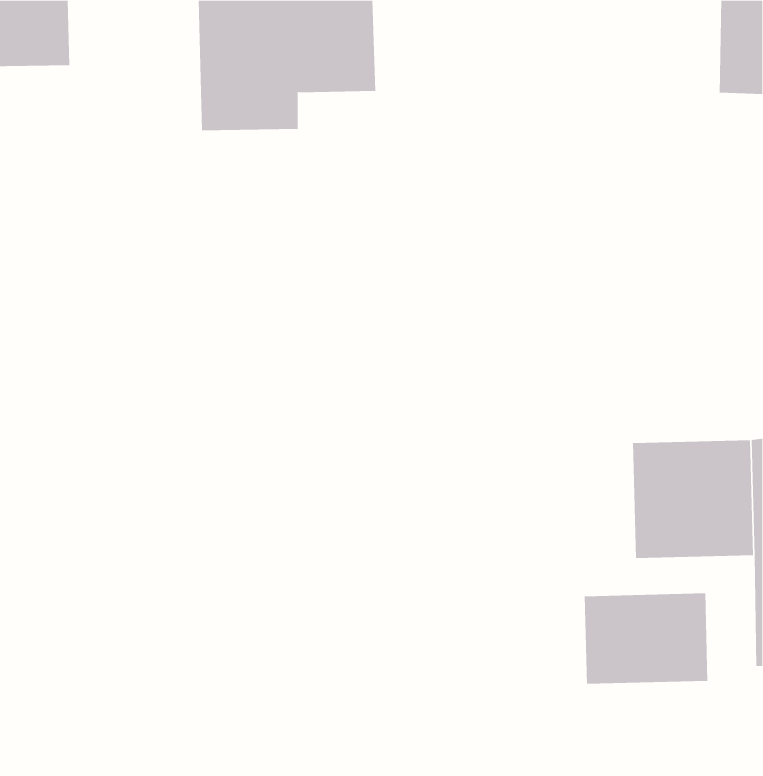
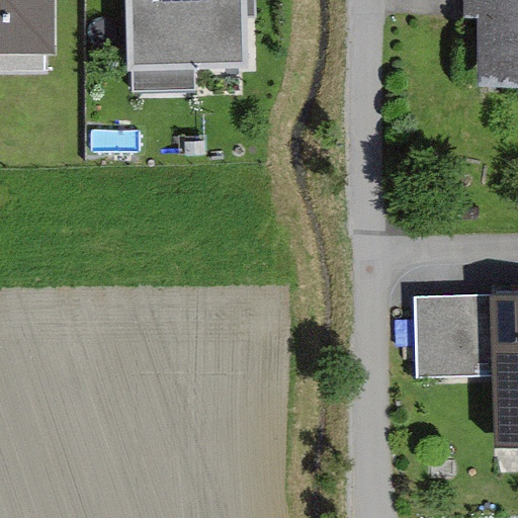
building: [584,593,708,685] -> none

